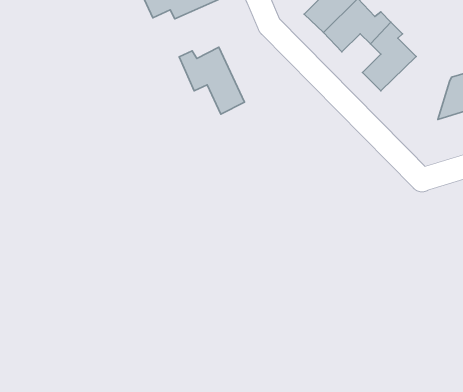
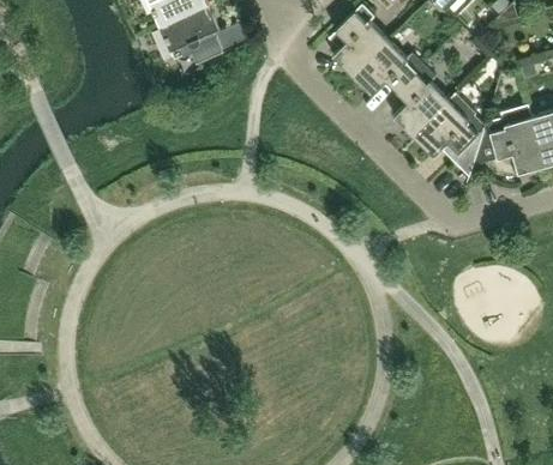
building: [179,47,244,114] -> none
building: none -> [413,95,485,177]

